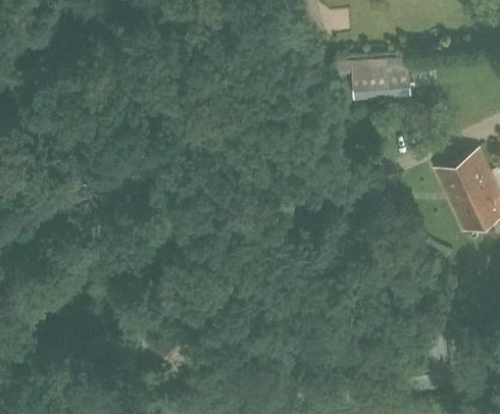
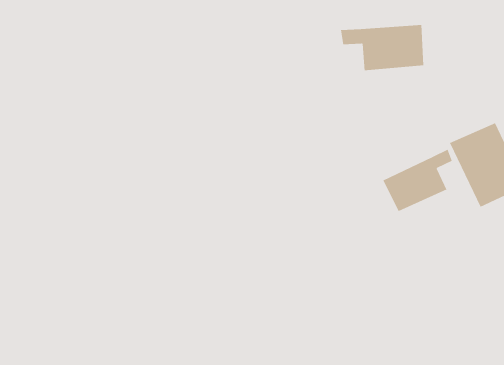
building: none -> [383,149,453,212]

